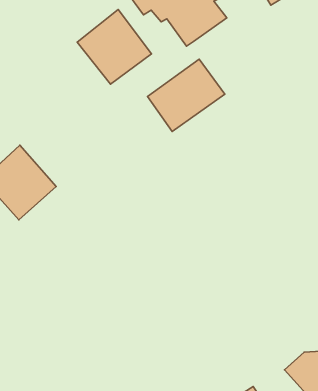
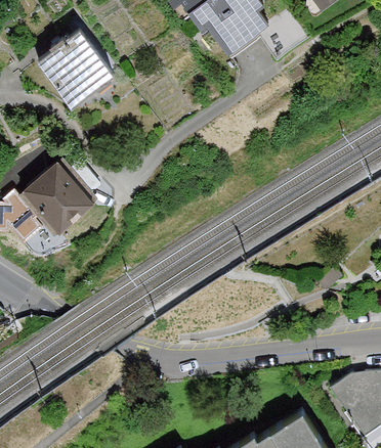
building: [77,10,152,84] -> [38,27,116,104]
building: [147,59,225,131] -> none

